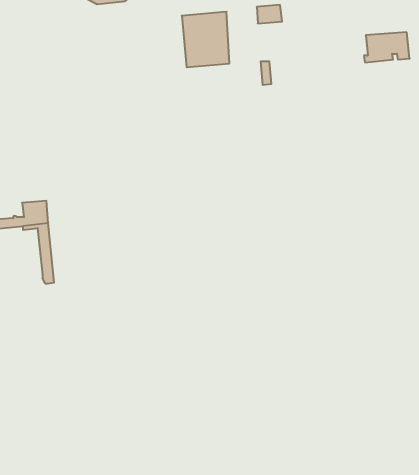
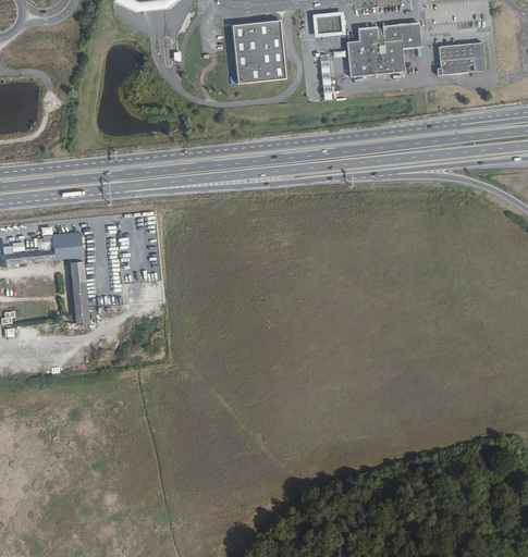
building: none -> [347,22,421,76]

